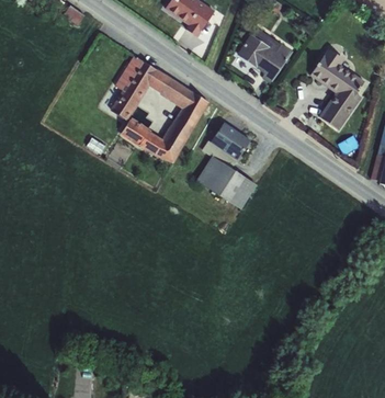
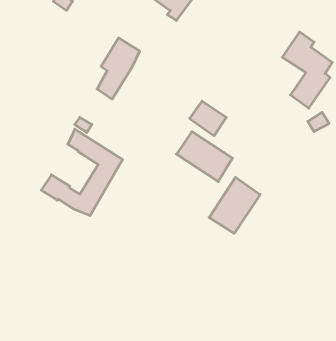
building: [237,33,293,81] -> none
building: [121,68,208,161] -> [41,129,123,216]
building: none -> [209,177,260,233]

